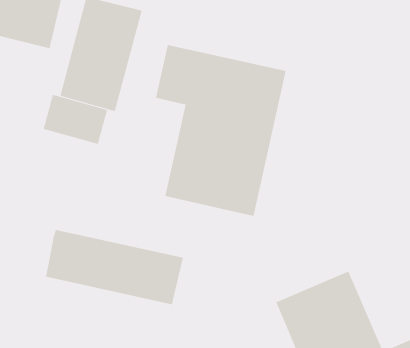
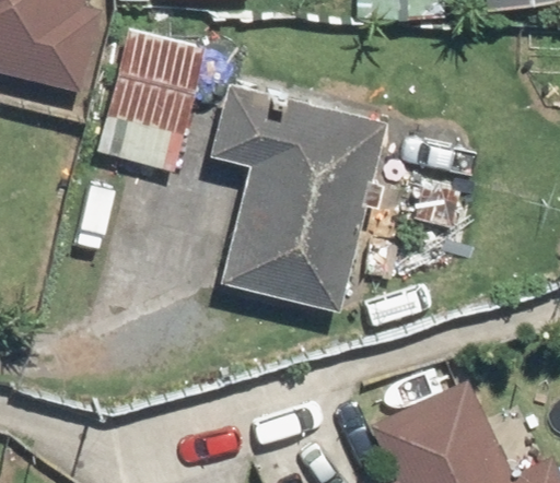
building: [45,229,183,305] -> none

